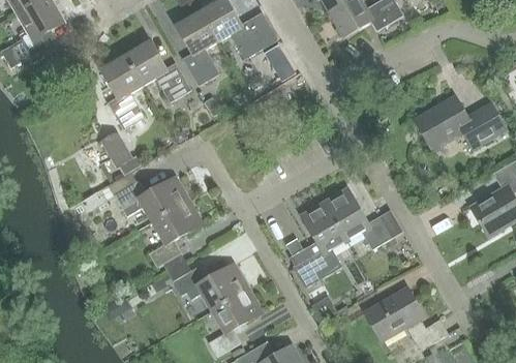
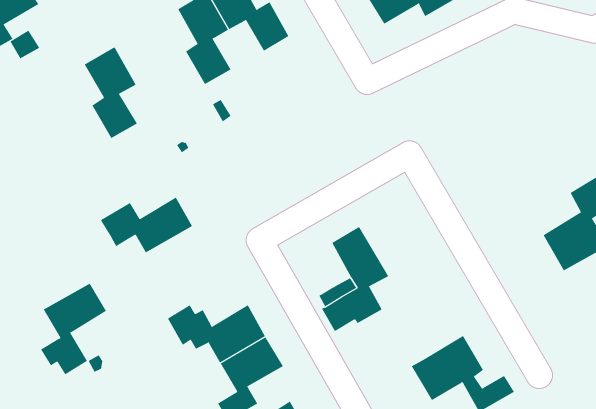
building: [125,40,190,102] -> none
building: [264,43,295,81] -> none
building: [414,95,506,150] -> none
building: [99,130,141,175] -> none
building: [323,186,402,249] -> none
building: [148,200,202,274] -> [40,283,107,375]

